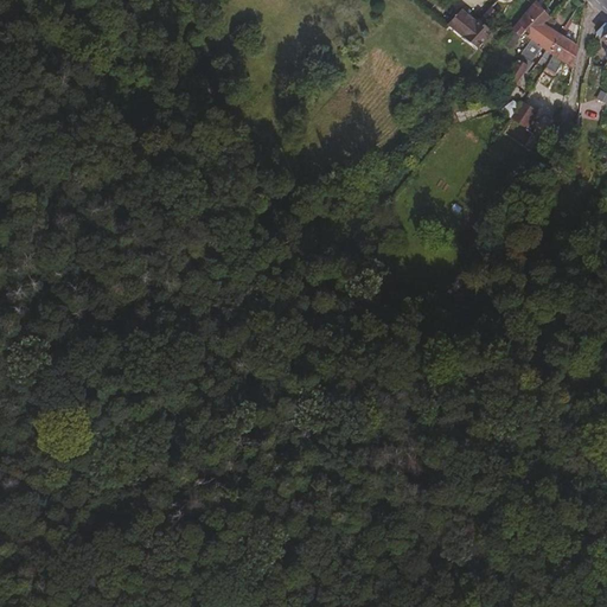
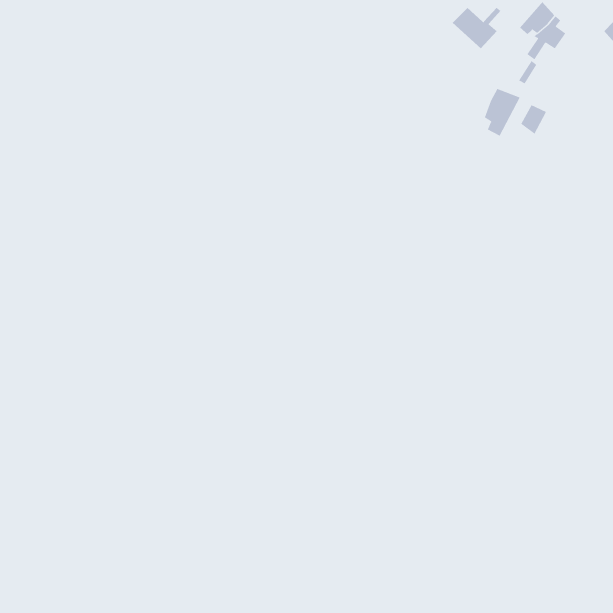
building: [545,33,577,71] -> none
building: none -> [484,88,520,137]

